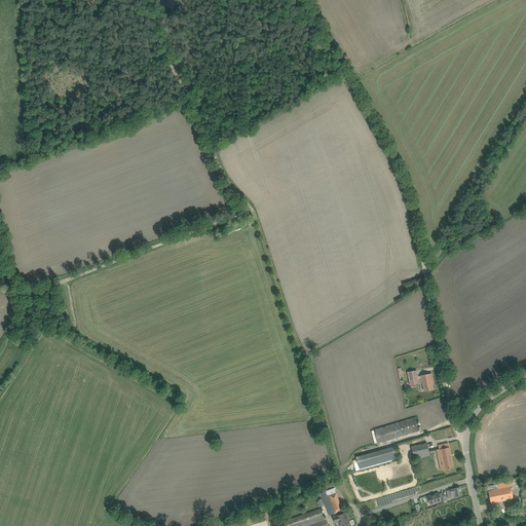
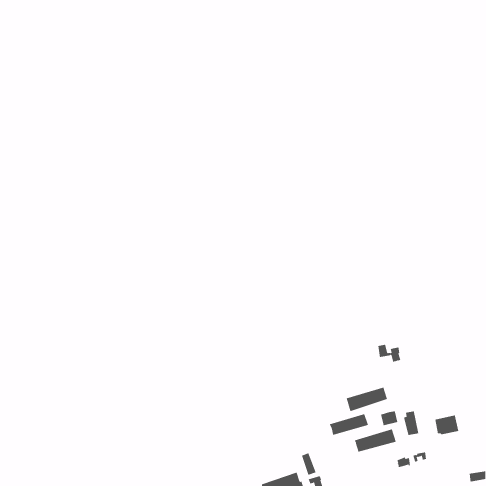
building: none -> [355,429,396,453]
building: [486,482,513,503] -> [434,415,459,435]

